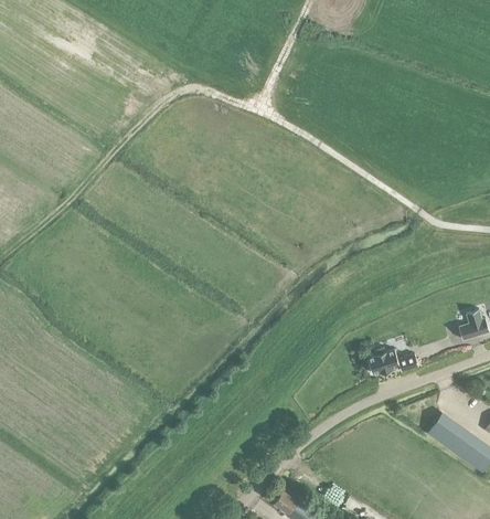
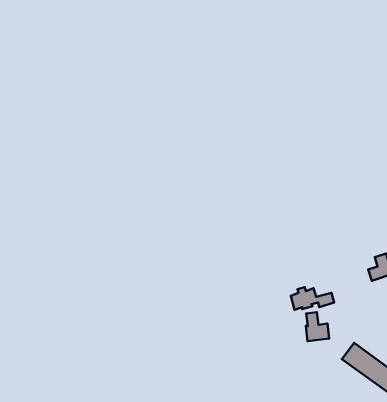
building: none -> [306,312,329,341]

